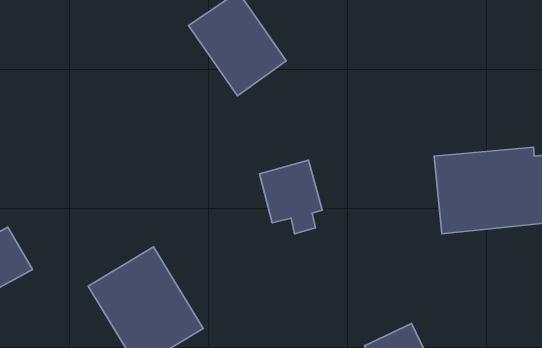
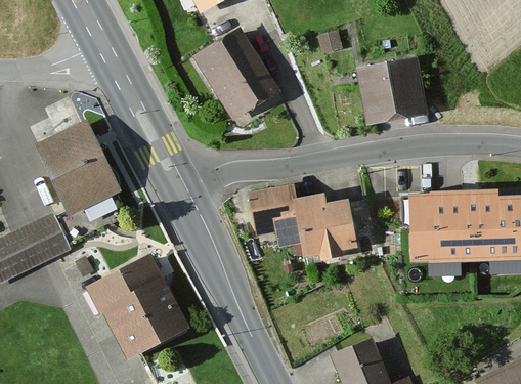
building: none -> [358,57,430,126]
building: none -> [35,121,119,215]
building: none -> [296,195,357,262]
building: none -> [17,210,71,266]

